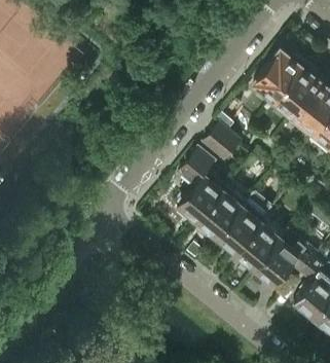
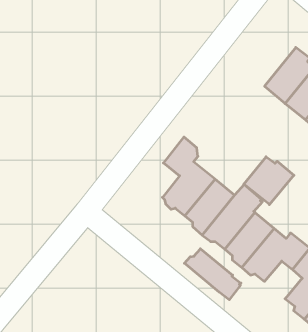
building: [254,48,304,100] -> none
building: [203,124,242,162] -> none
building: none -> [244,157,294,205]
building: none -> [184,249,241,300]

